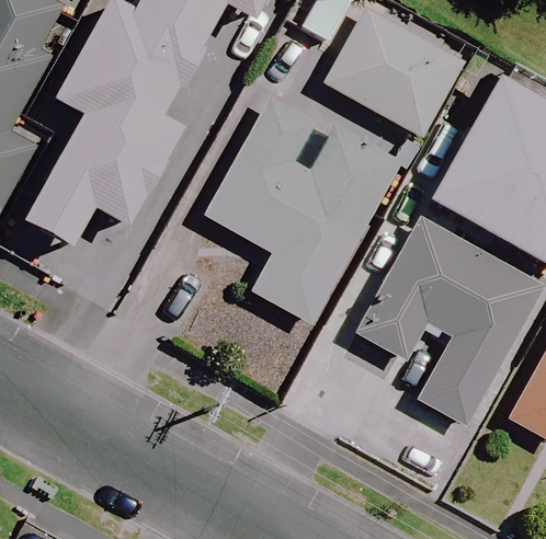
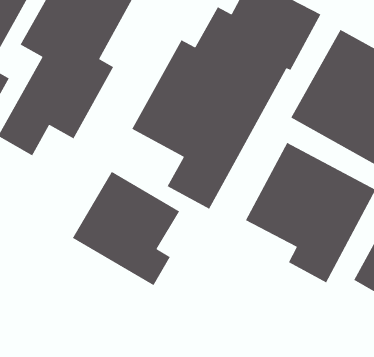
building: none -> [72,171,180,286]

